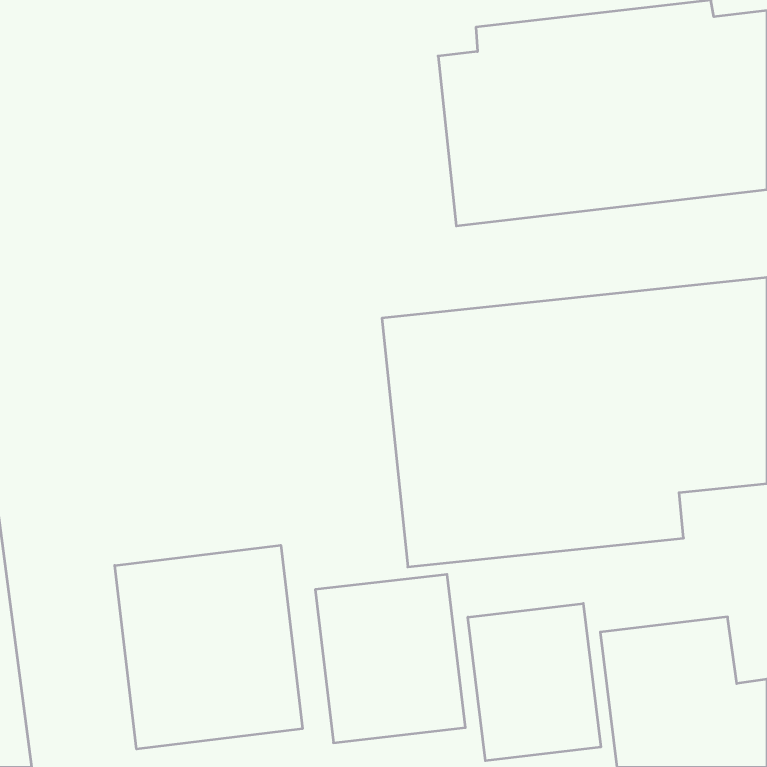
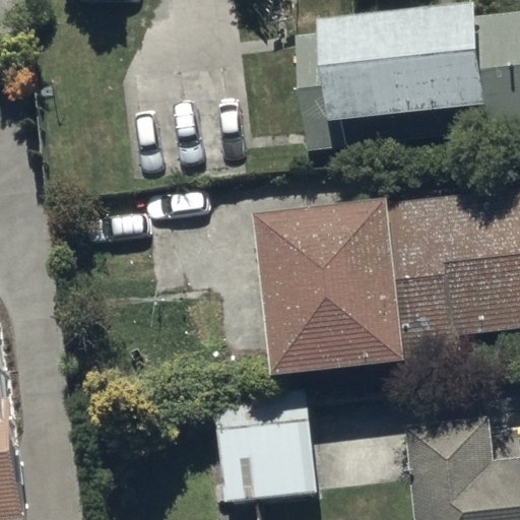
building: [115,545,302,749] -> none
building: [468,603,601,761] -> none

